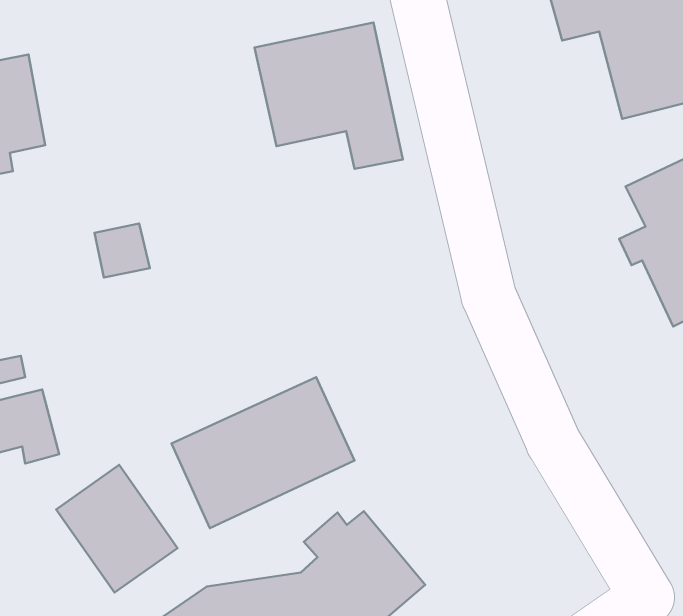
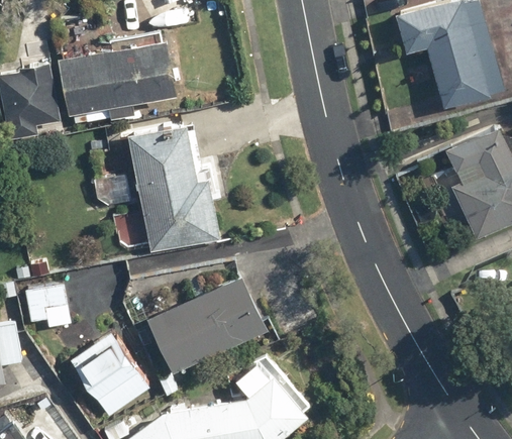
building: none -> [55,33,178,130]
building: [254,23,403,169] -> none
building: none -> [120,121,221,254]

